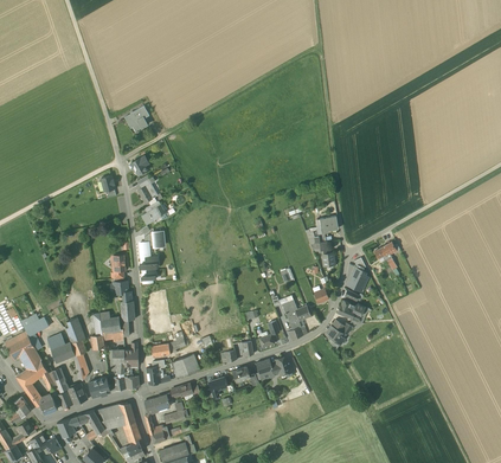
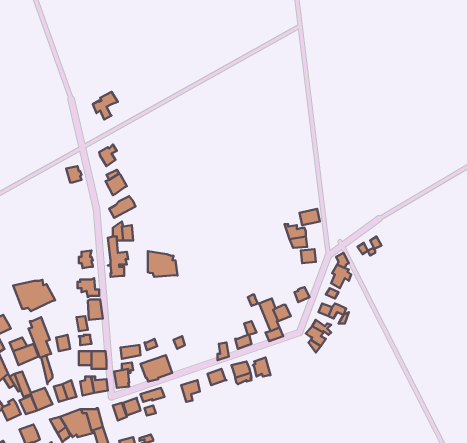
building: none -> [148,251,177,277]
building: none -> [13,280,55,311]

